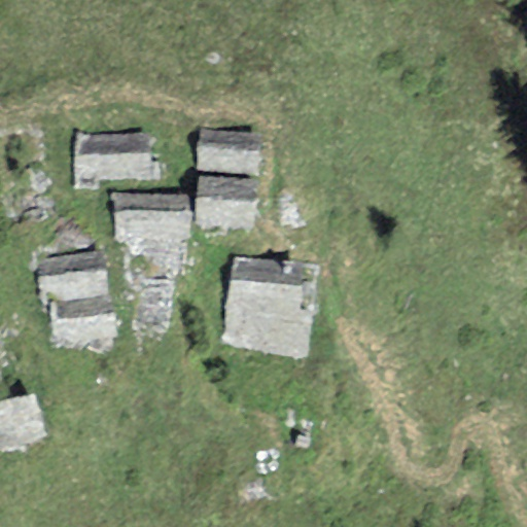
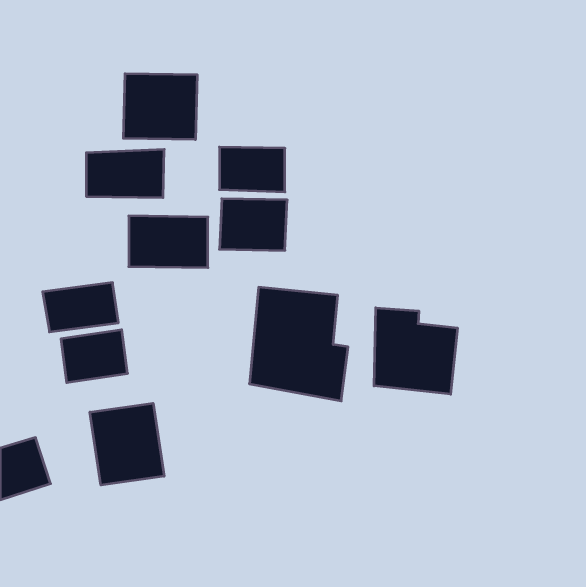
building: none -> [123,74,197,140]
building: none -> [374,308,457,394]
building: none -> [90,403,164,485]

